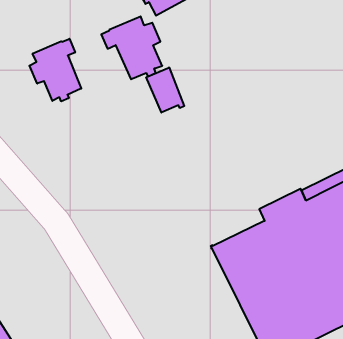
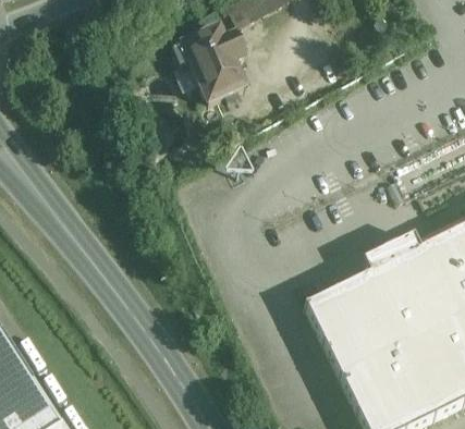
building: [29,39,81,101] -> none
building: [146,67,184,113] -> none

